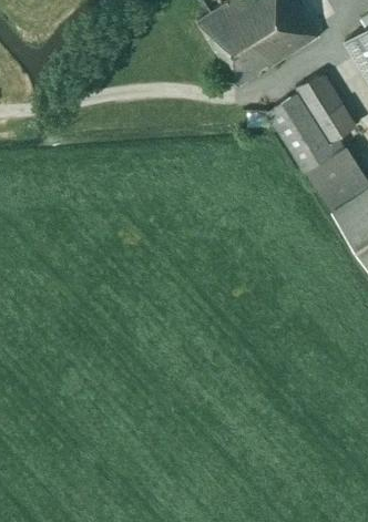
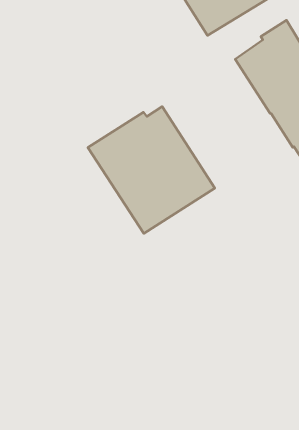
building: none -> [88,106,215,233]

